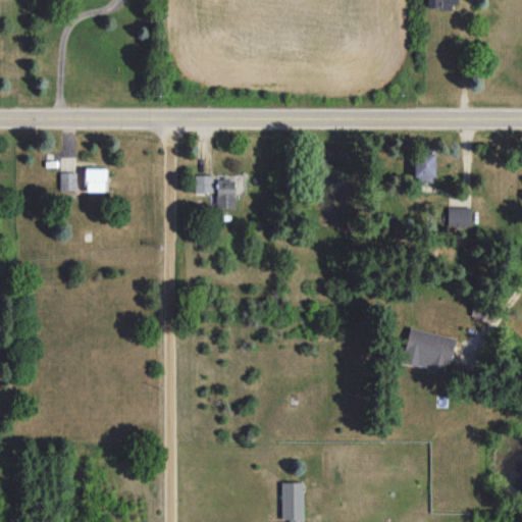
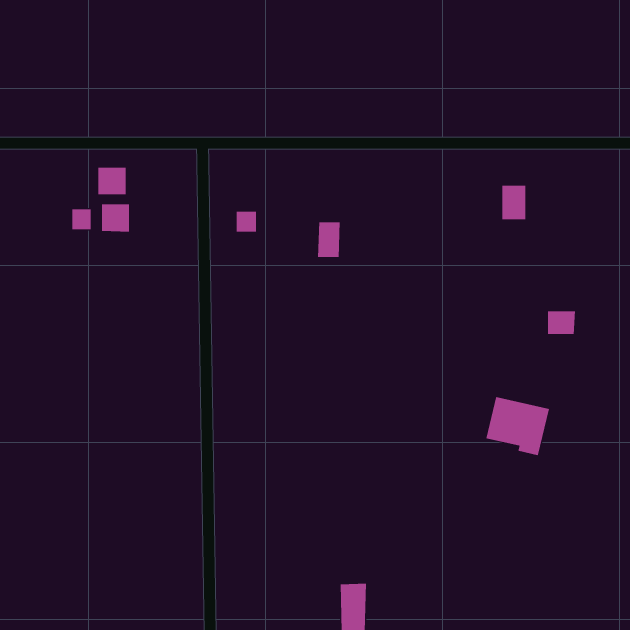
building: none -> [98,167,126,195]
building: [216,179,236,209] -> [317,222,341,258]
building: [449,208,472,227] -> [547,311,576,334]

